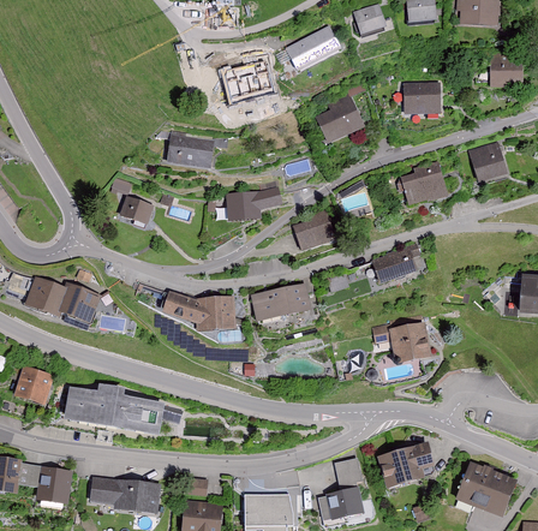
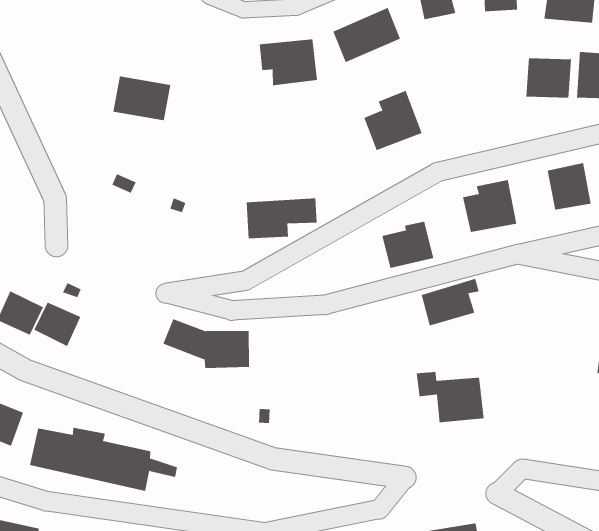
building: [405,80,441,114] -> [526,58,572,98]
building: [168,132,215,167] -> [112,76,171,121]
building: [119,195,155,226] -> none
building: [292,210,336,251] -> [382,221,434,268]
building: [252,284,310,321] -> none

